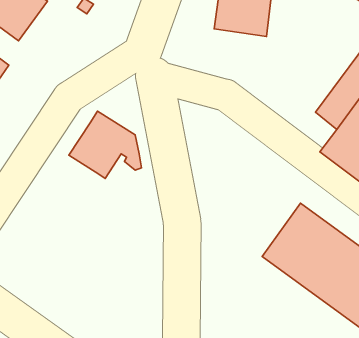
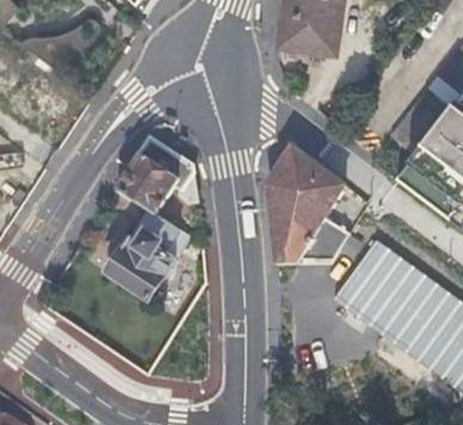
building: none -> [268,143,348,259]
building: none -> [106,207,190,298]

